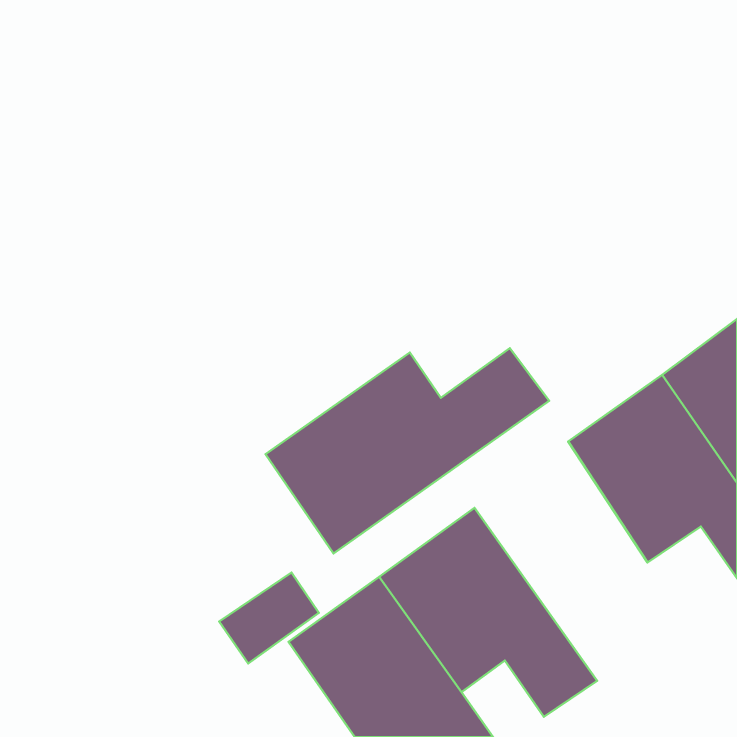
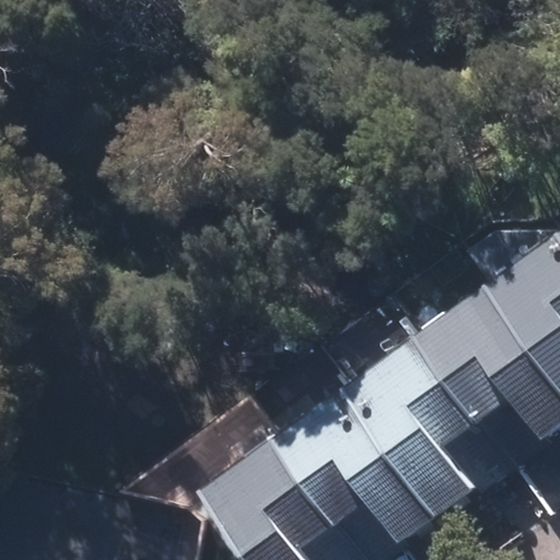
building: [266,348,549,553] -> none
building: none -> [360,335,521,516]

